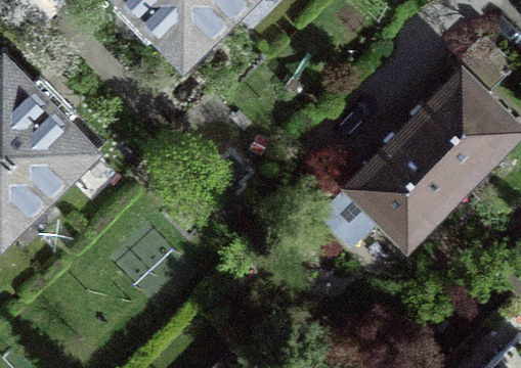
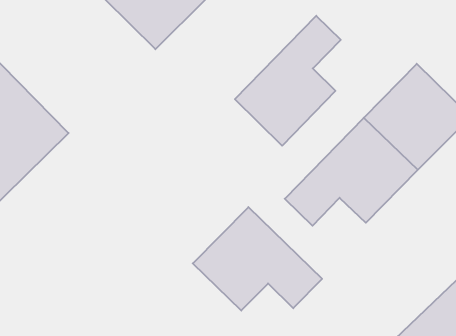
building: none -> [235,16,341,146]
building: none -> [193,207,322,311]

